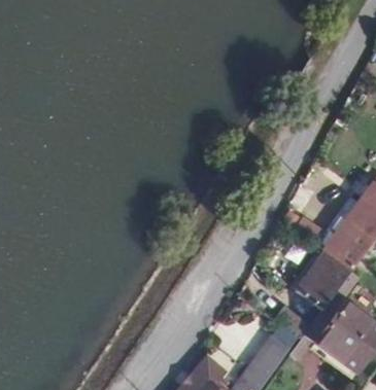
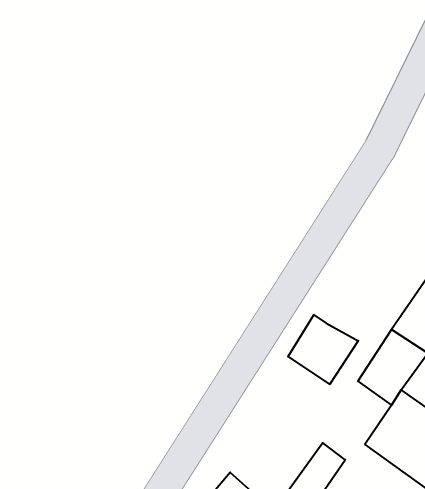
building: none -> [288,315,358,384]

